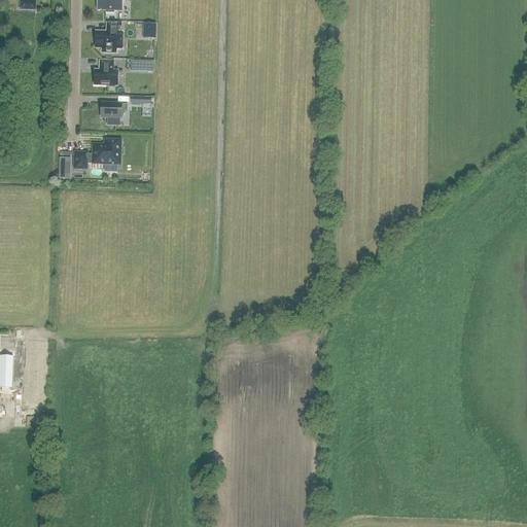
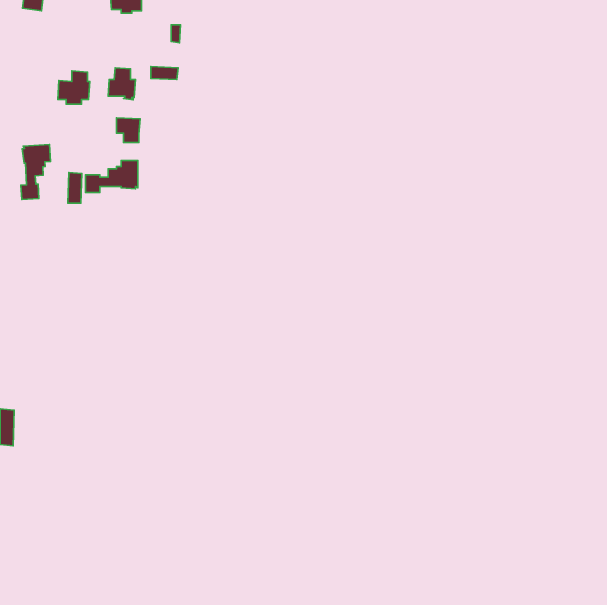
building: [95,22,122,50] -> [58,71,90,104]
building: none -> [21,145,51,200]

